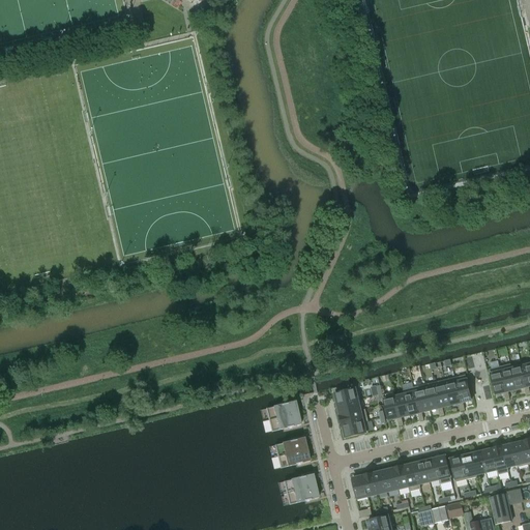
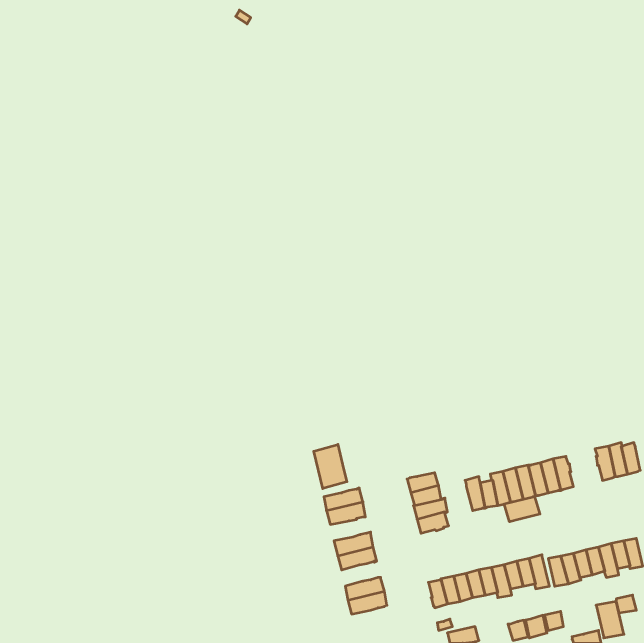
building: none -> [314,444,347,489]
building: none -> [504,496,540,522]

